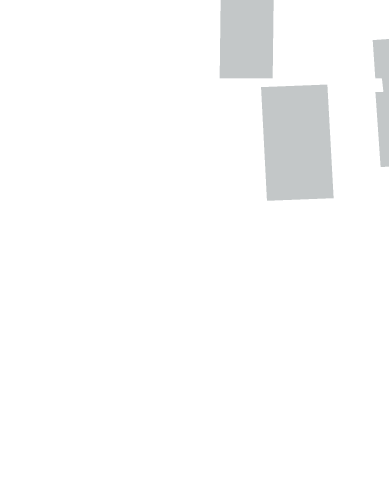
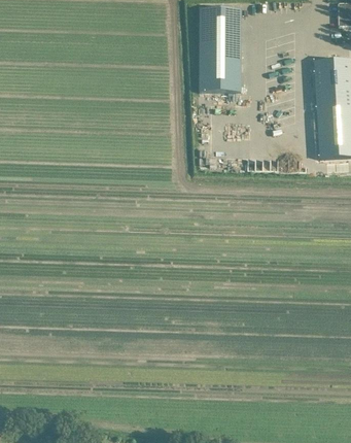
building: [260,84,334,202] -> none

